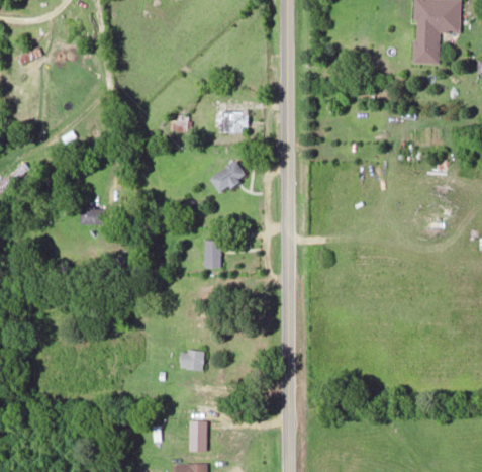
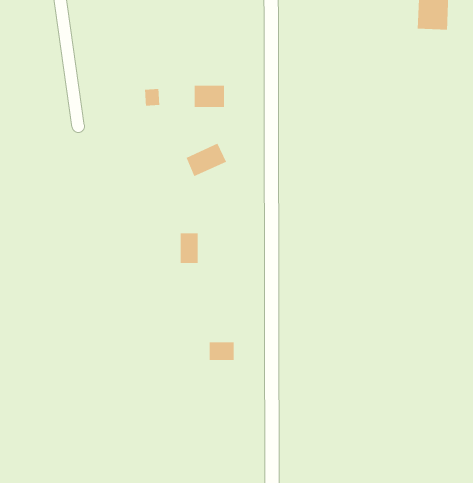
building: [79,208,104,224] -> none
building: [182,351,204,368] -> [209,341,234,361]
building: [190,420,207,452] -> none

